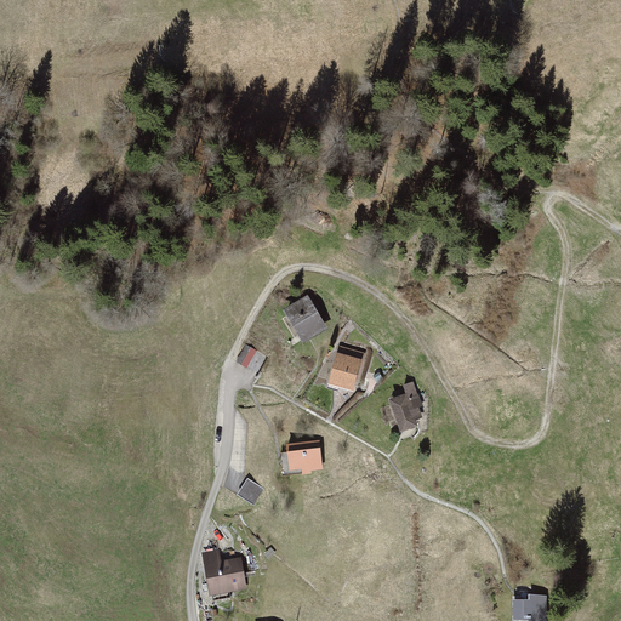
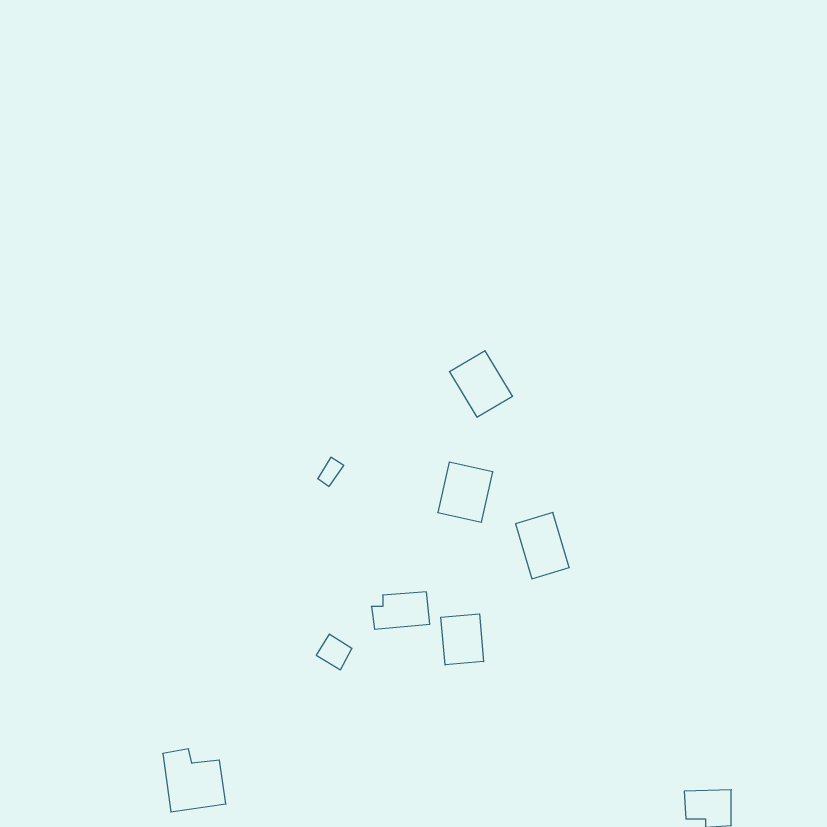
building: [279,296,326,346] -> [449,351,513,417]
building: none -> [441,614,484,665]
building: [200,551,247,598] -> [163,749,226,812]

